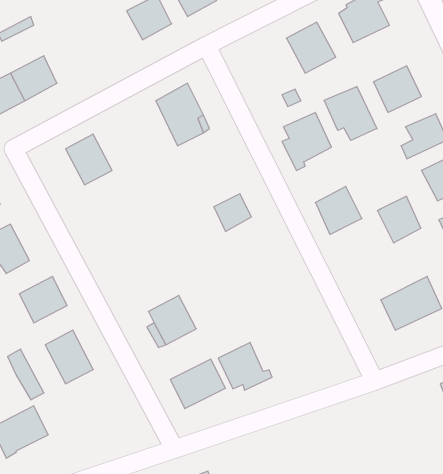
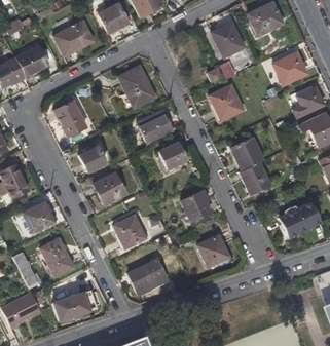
building: none -> [52,20,94,56]
building: [324,86,377,140] -> none
building: none -> [137,109,172,143]
building: [377,196,421,243] -> [239,161,269,194]
building: none -> [78,145,106,171]
building: none -> [93,171,125,204]
building: none -> [179,189,211,222]
building: [218,342,272,390] -> [196,233,234,267]
building: none -> [51,290,96,320]

